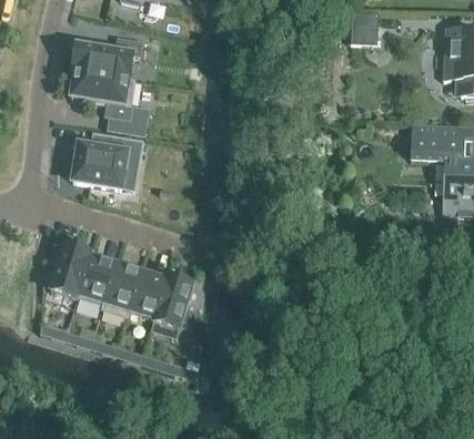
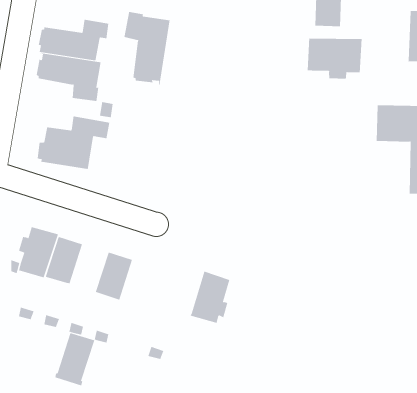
building: none -> [124,11,170,85]
building: none -> [307,37,362,79]
building: [101,263,142,317] -> [55,332,95,386]
building: [153,276,194,329] -> [190,271,230,324]

